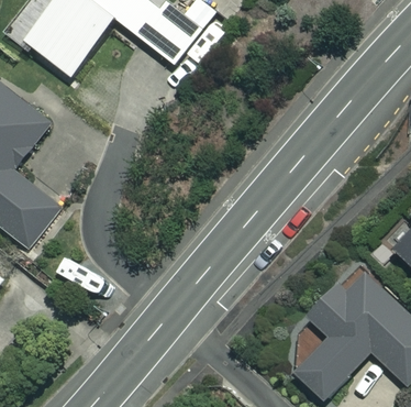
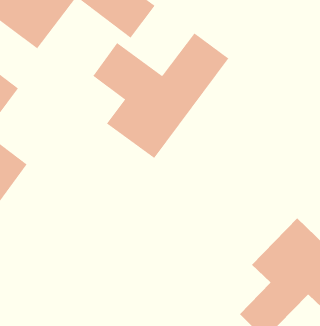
building: none -> [93,32,229,159]

